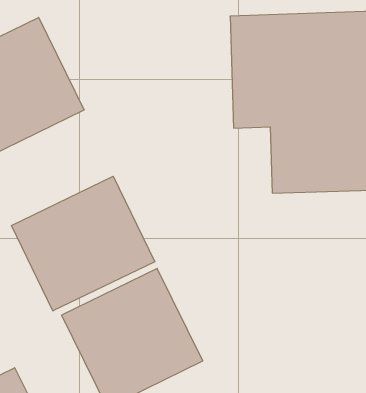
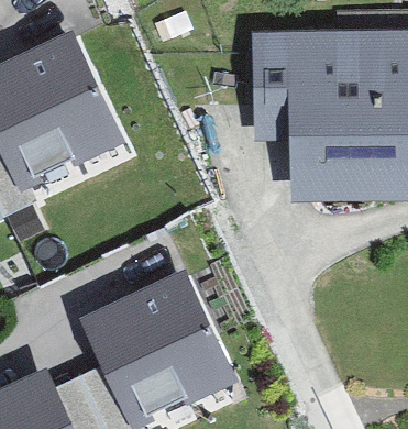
building: [11,176,155,311] -> none

